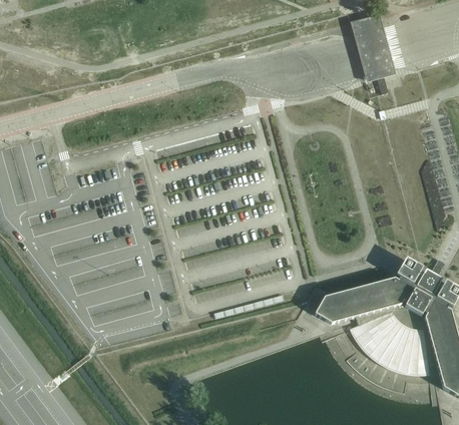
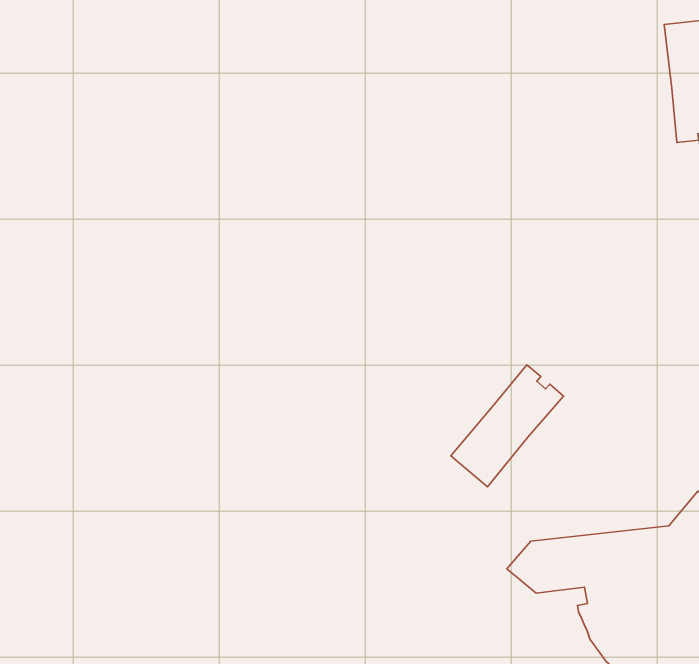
building: none -> [451,365,564,487]

